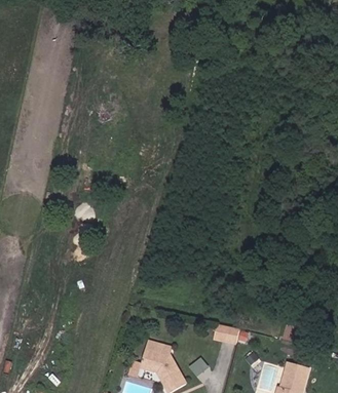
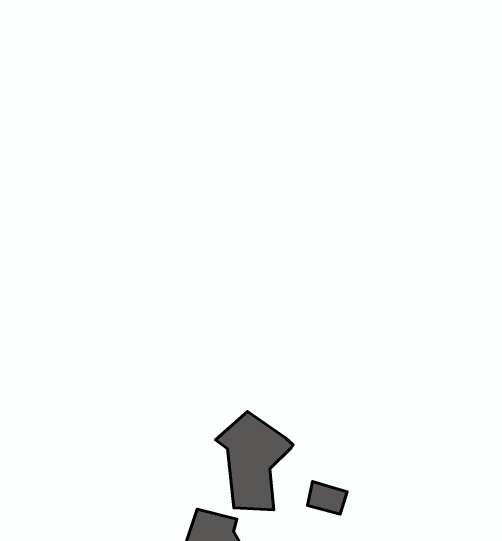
building: none -> [215,411,293,510]

